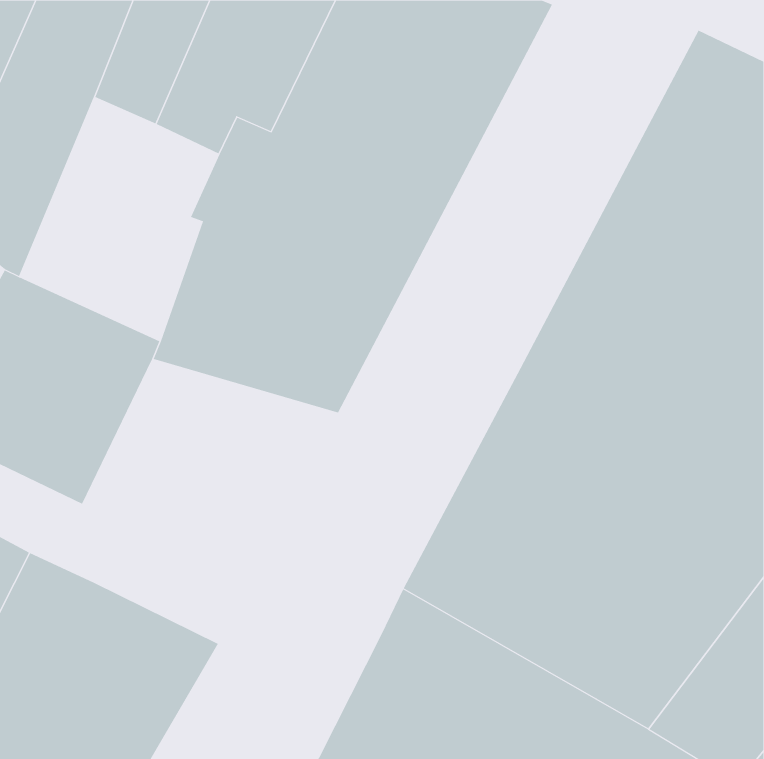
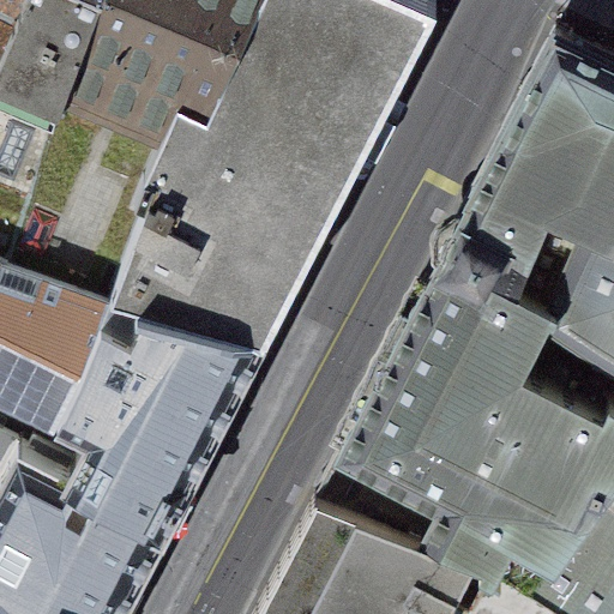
building: none -> [66,293,271,520]

